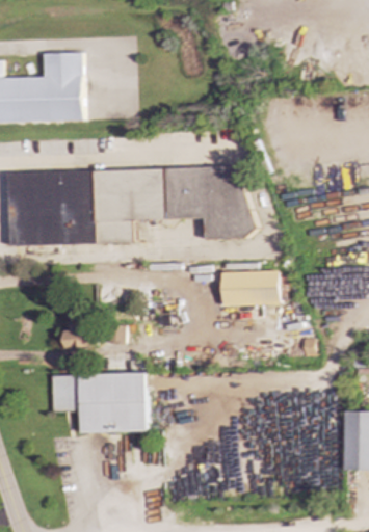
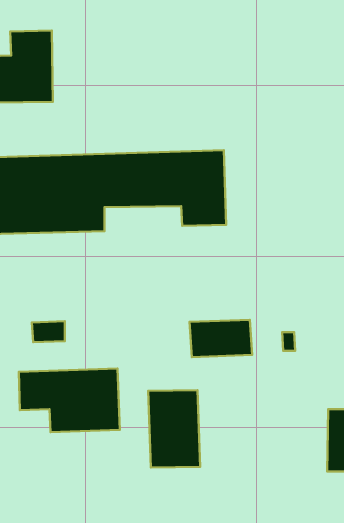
building: [220,270,280,305] -> [190,320,252,357]
building: none -> [148,390,200,468]

